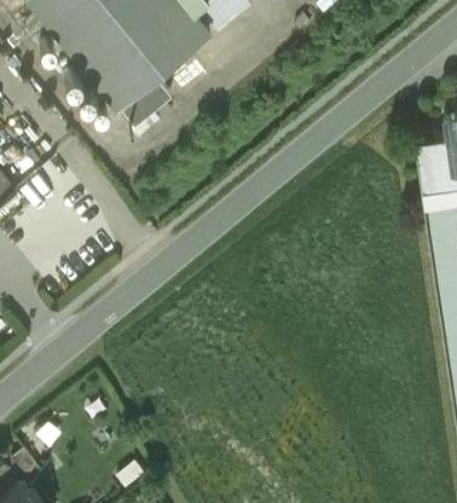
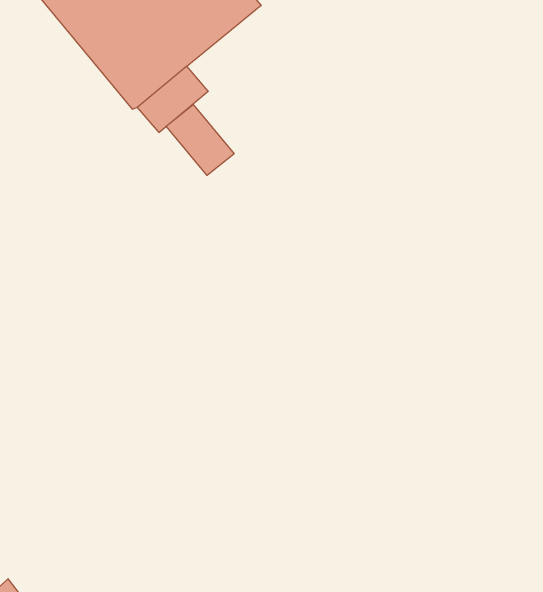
building: none -> [166,105,234,175]

